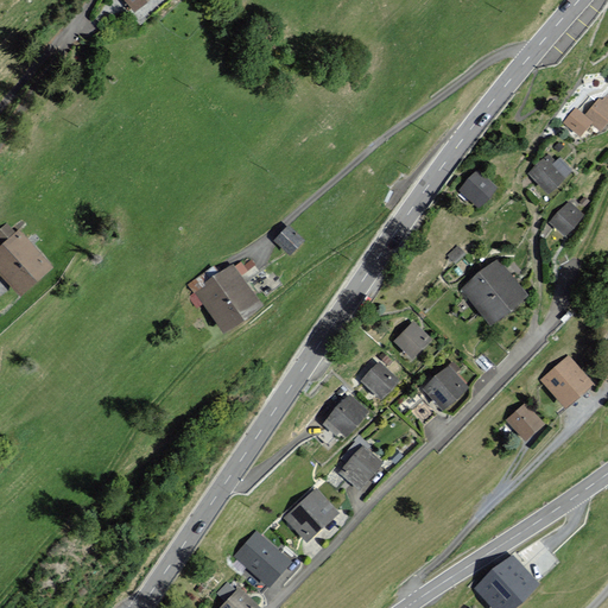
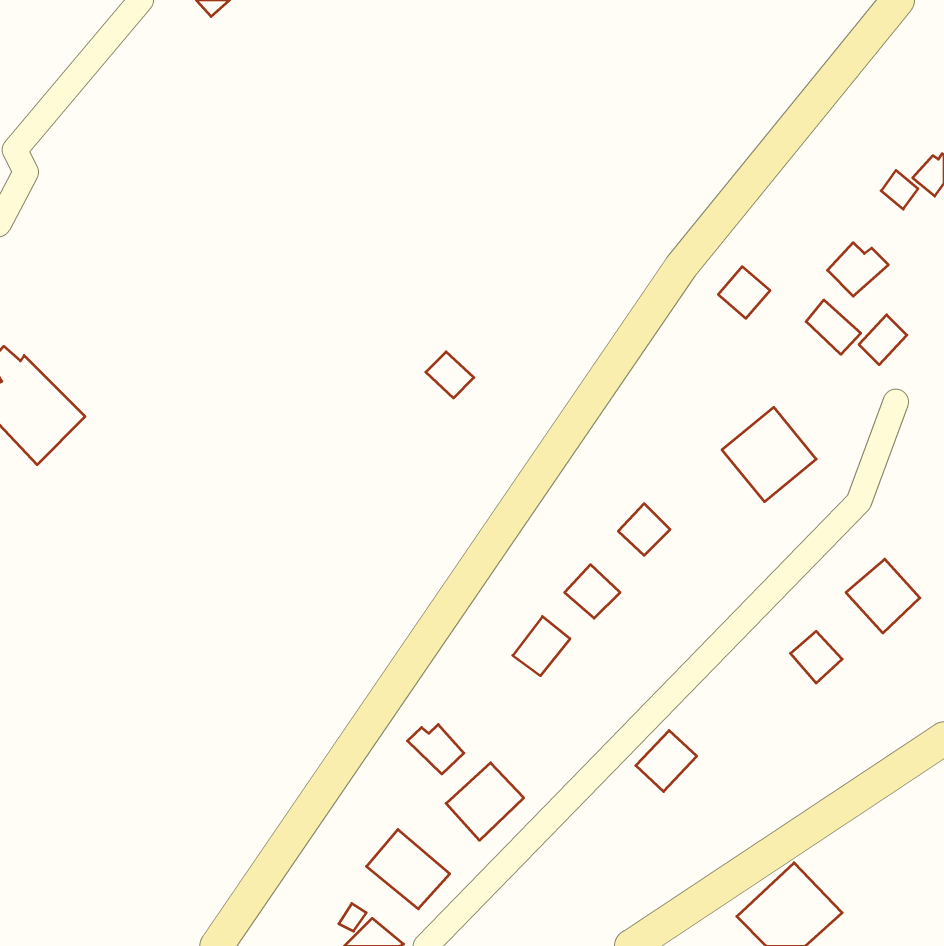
building: none -> [806,300,861,354]
building: [196,264,262,335] -> none
building: [425,367,466,407] -> none
building: [341,446,380,486] -> [636,730,697,792]
building: none -> [407,724,464,774]

